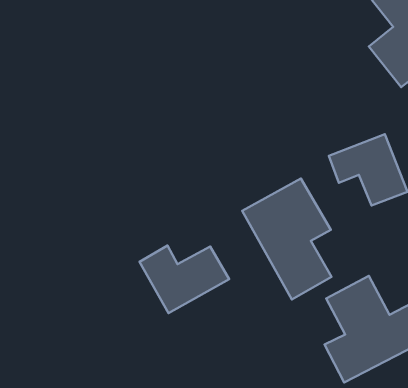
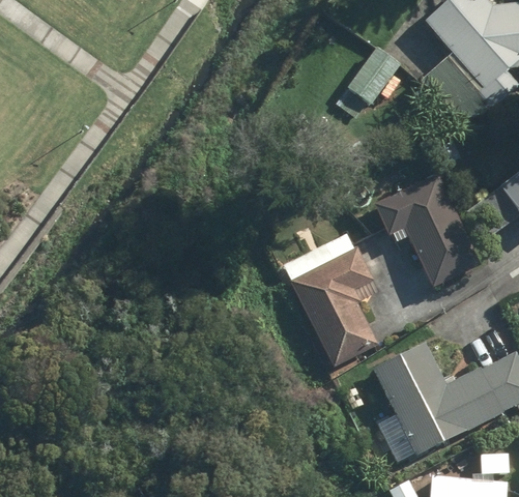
building: none -> [348,47,403,106]
building: [140,245,229,313] -> none

